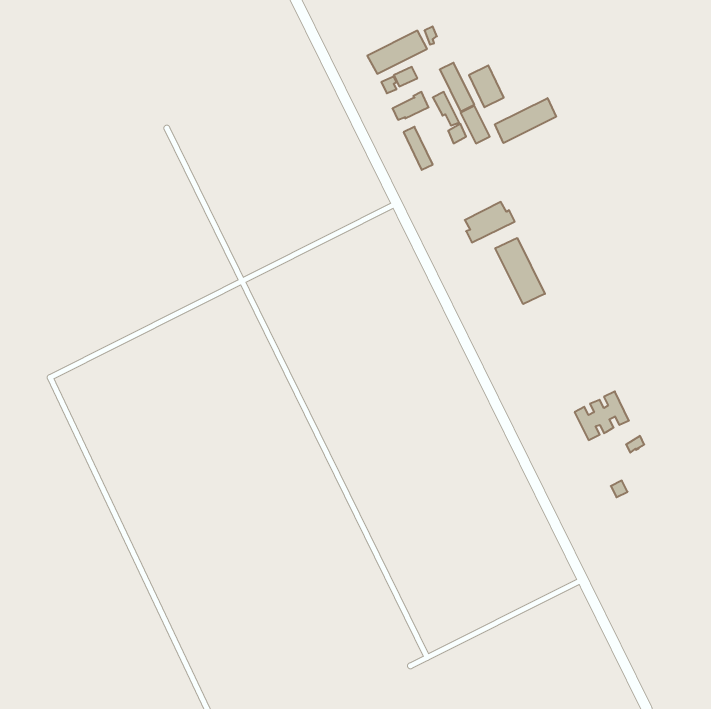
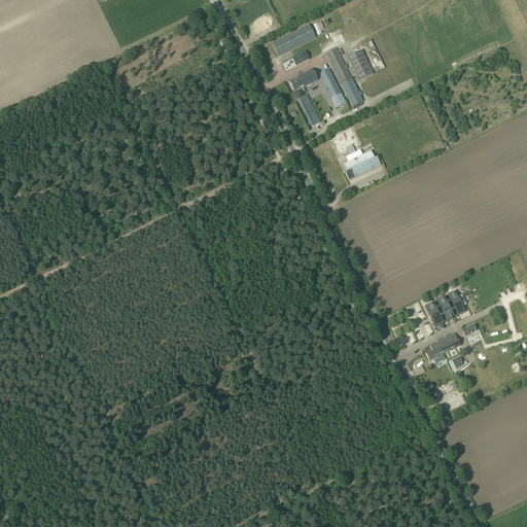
building: [495,98,556,143] -> none
building: [495,238,545,304] -> none
building: none -> [426,332,460,362]

